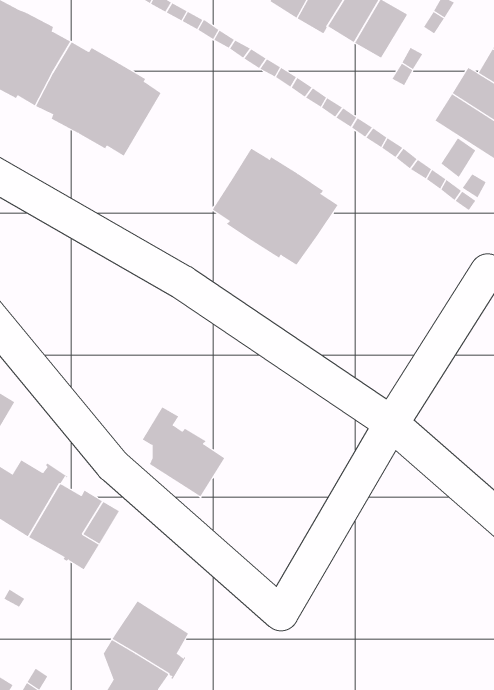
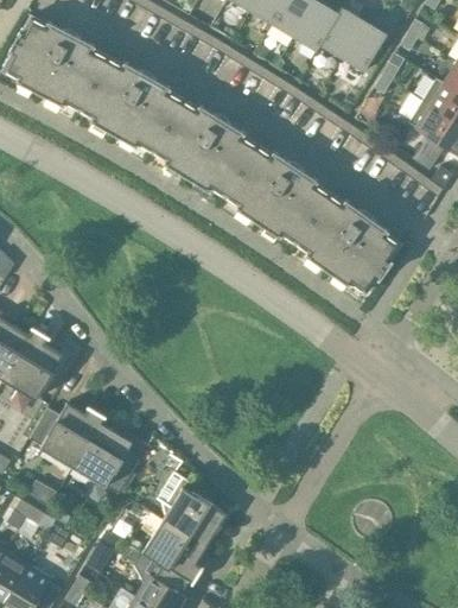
building: none -> [152,100,256,196]
building: none -> [294,192,400,293]
building: [142,407,225,497] -> [157,471,225,546]

